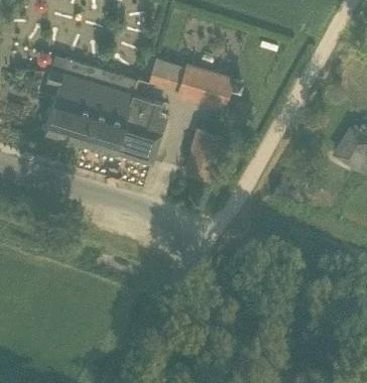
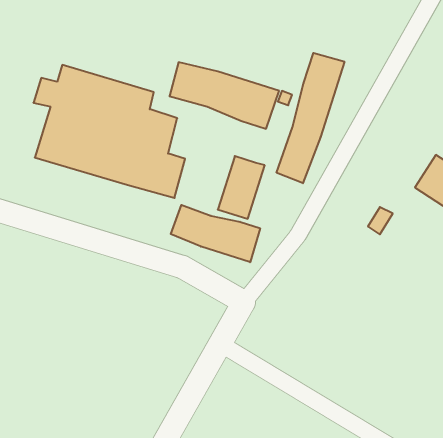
building: none -> [277,53,344,183]
building: none -> [171,205,260,262]

